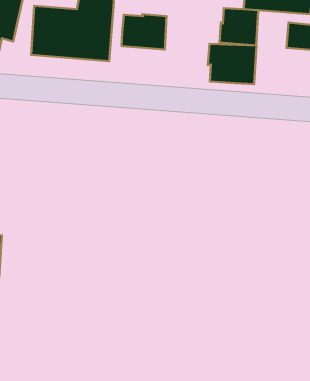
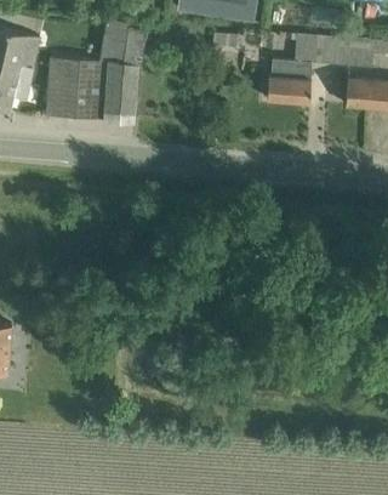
building: [121,14,166,49] -> none
building: [208,44,256,84] -> none

